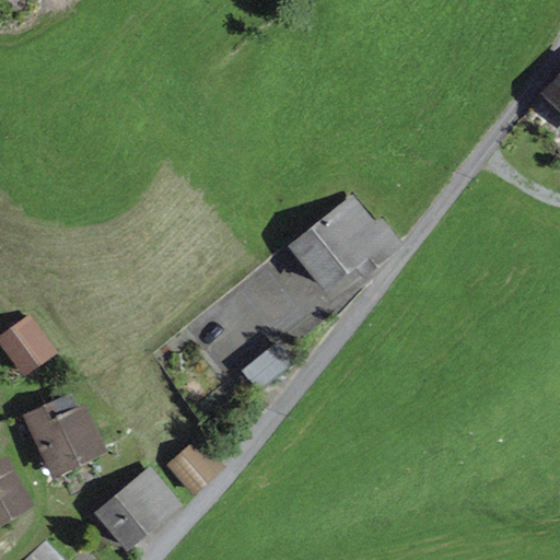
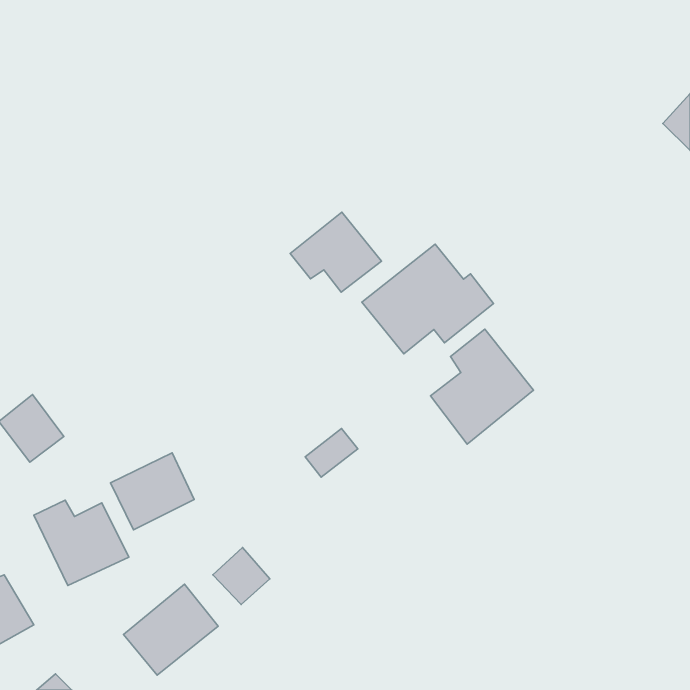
building: none -> [290,212,382,292]
building: none -> [430,329,533,444]
building: none -> [110,453,194,530]

